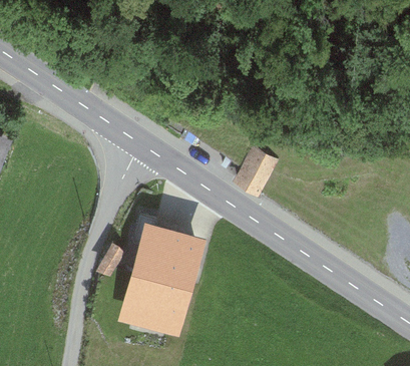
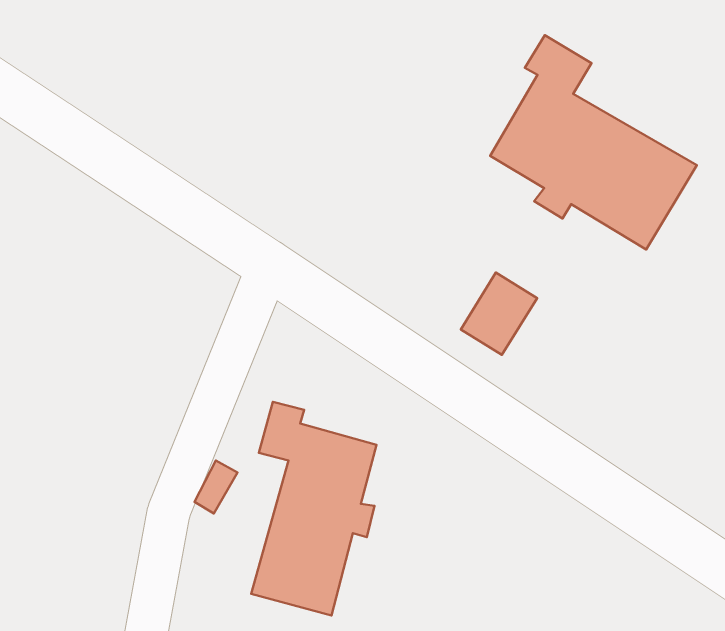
building: none -> [490,35,697,249]

